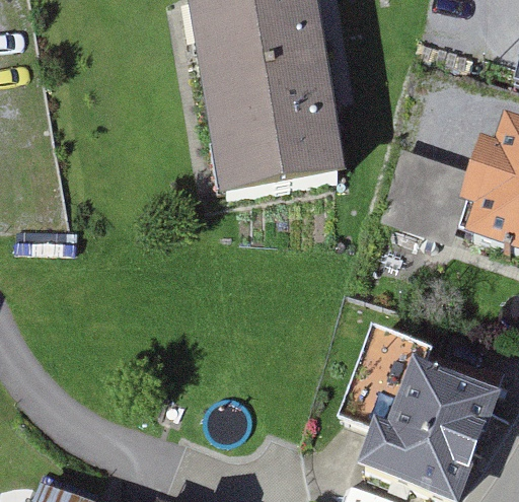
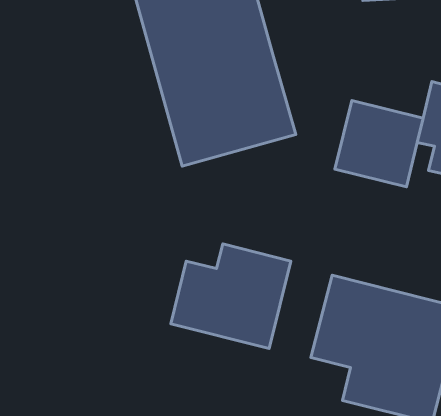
building: none -> [171,244,291,349]

